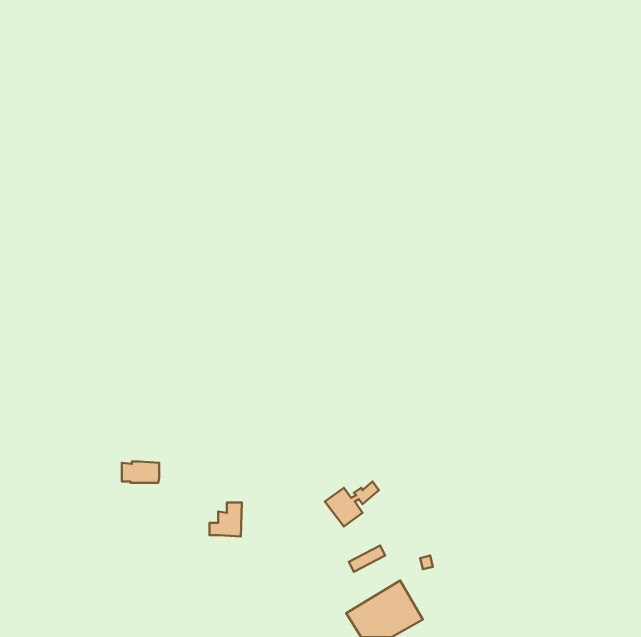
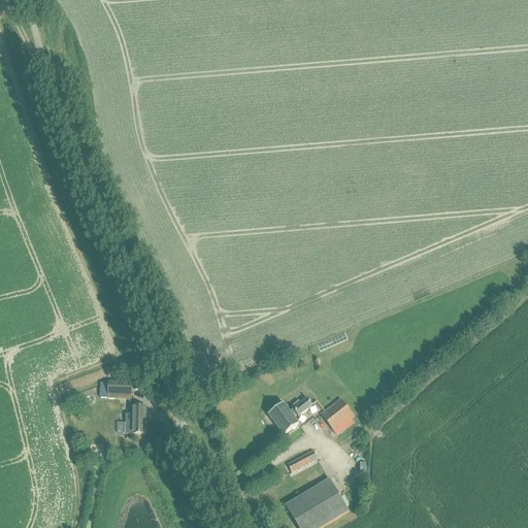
building: none -> [321,397,354,433]
building: [209,503,242,536] -> [118,404,144,432]

